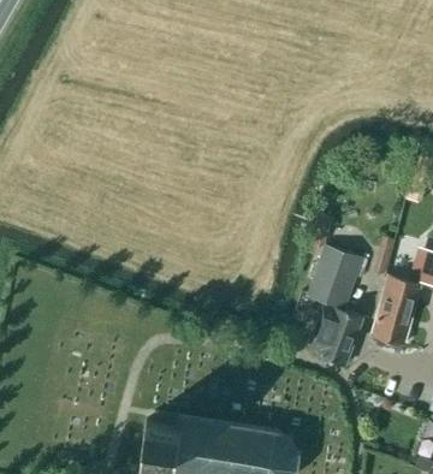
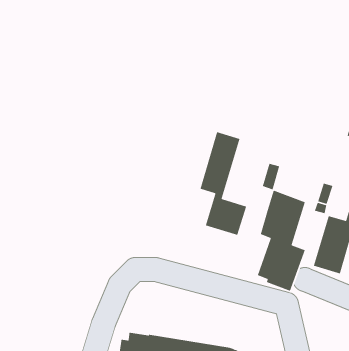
building: none -> [200,131,247,236]

